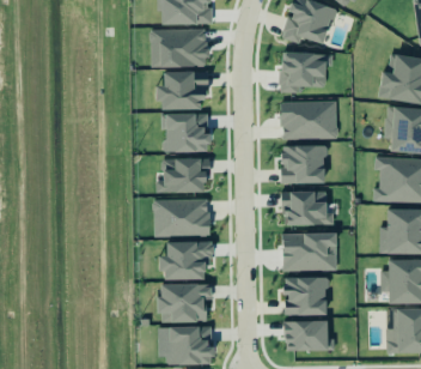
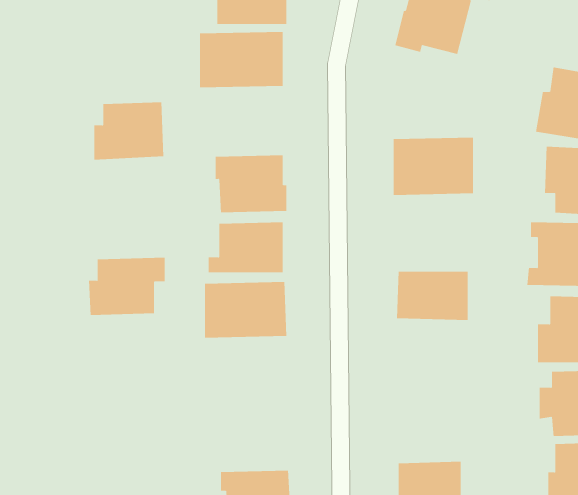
building: [279,52,327,93] -> none
building: [158,71,206,110] -> [94,102,164,160]
building: [281,145,325,183] -> none
building: [282,232,336,272] -> none
building: [160,241,213,280] -> [88,257,166,315]
building: [285,278,327,315] -> none
building: [159,285,212,322] -> none

